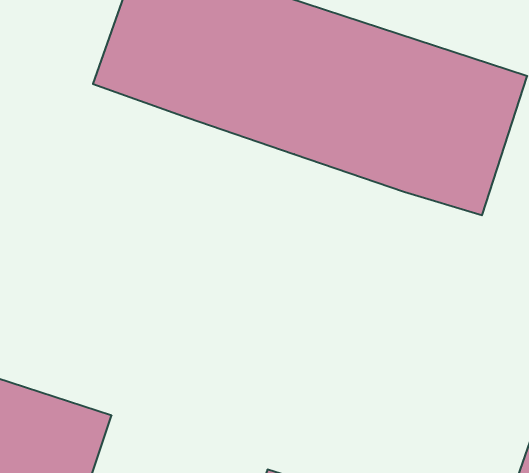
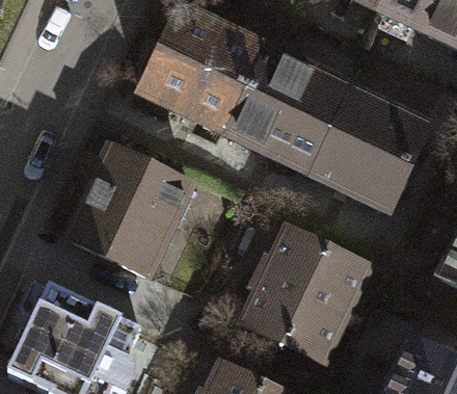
building: none -> [66,143,188,273]
building: none -> [246,228,366,356]

